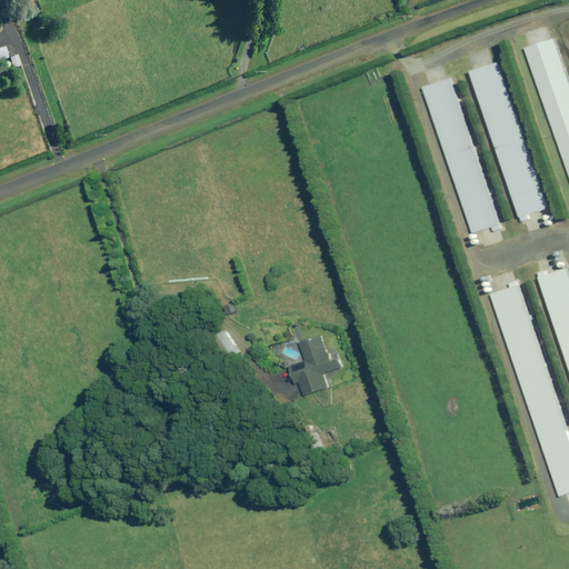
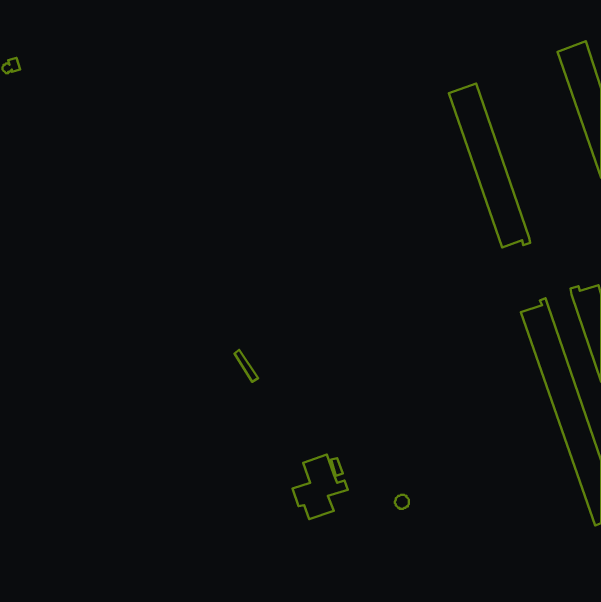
building: [470,62,546,222] -> none
building: [289,335,341,396] -> [293,454,348,519]

